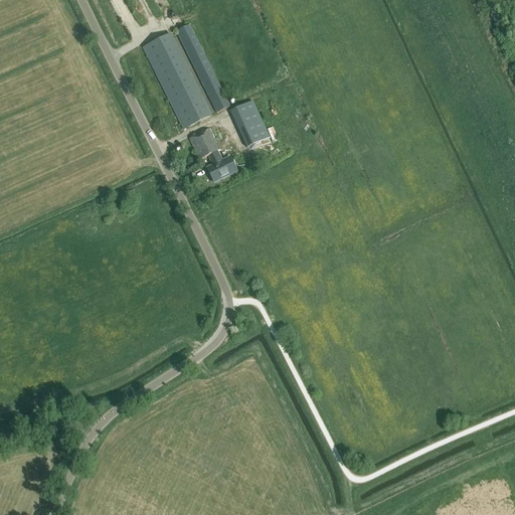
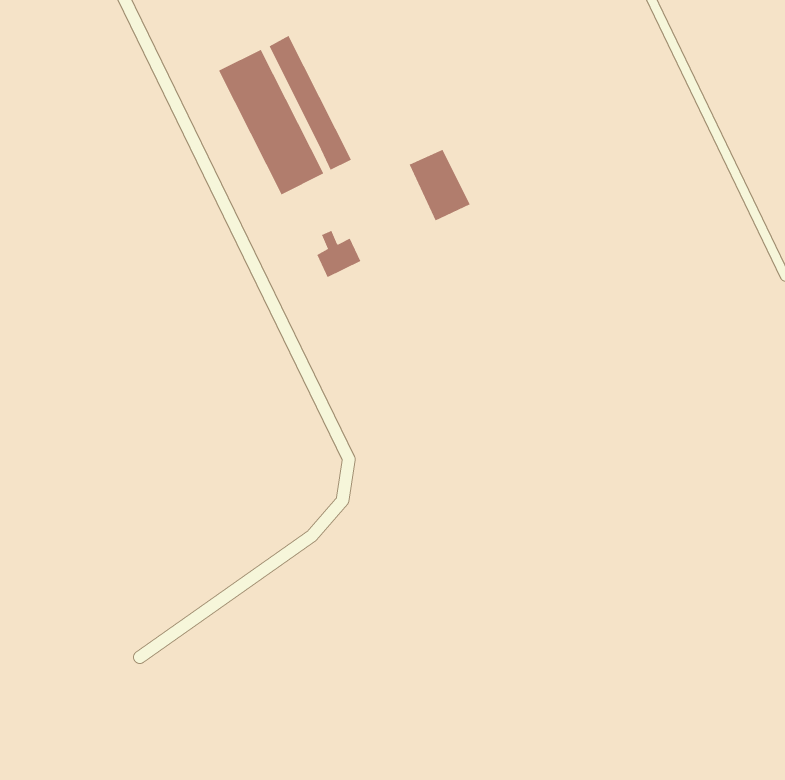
building: [230,100,271,147] -> [409,149,470,221]
building: [188,128,219,160] -> none

